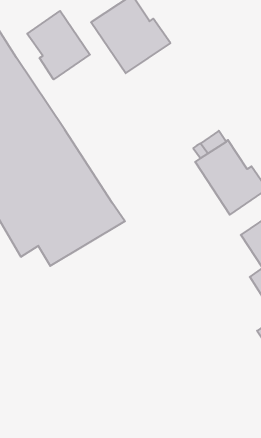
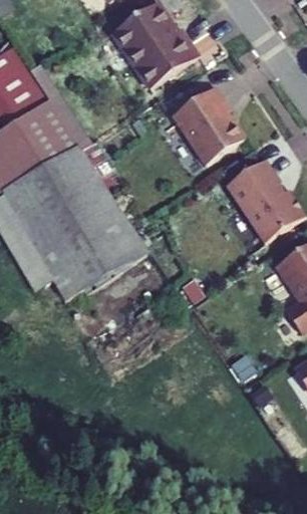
building: [27,11,90,79] -> none
building: none -> [172,86,243,165]

